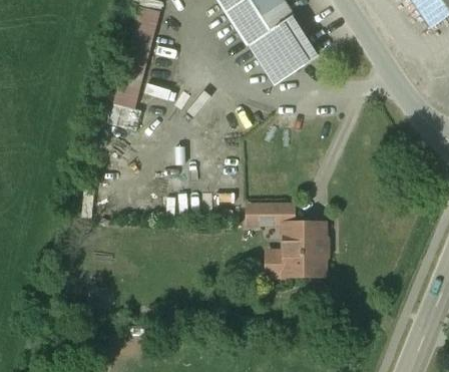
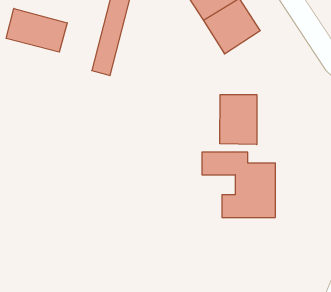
building: none -> [6,8,67,52]
building: none -> [220,95,257,145]

